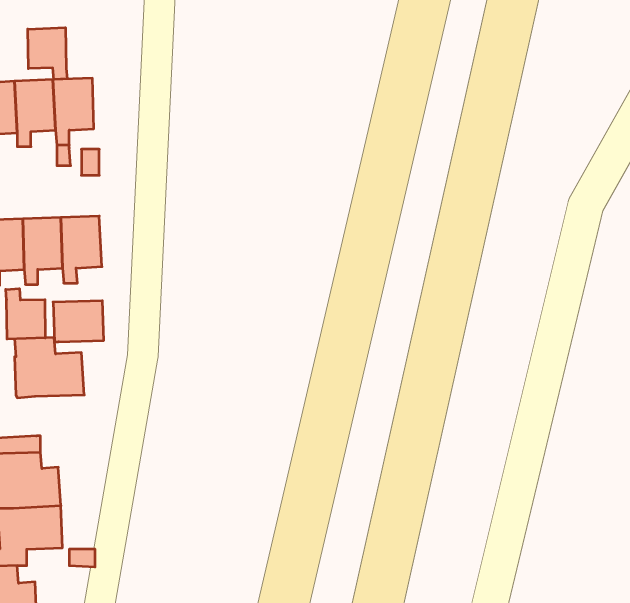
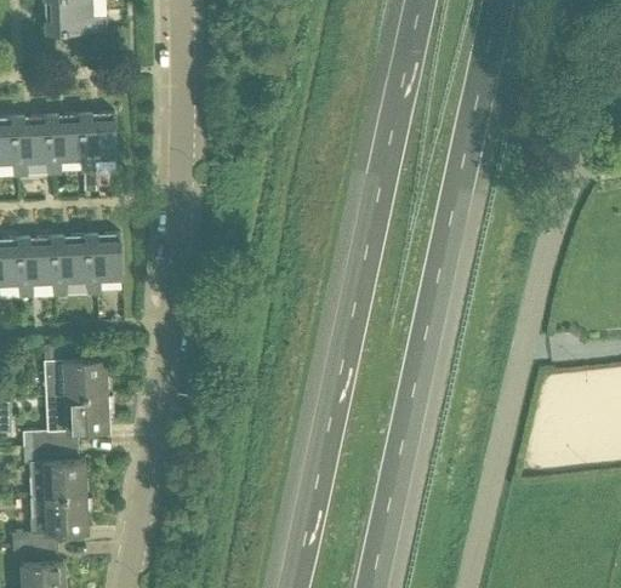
building: [28,28,67,80] -> none
building: [6,289,45,339] -> none
building: [53,301,104,342] -> [63,395,108,432]

